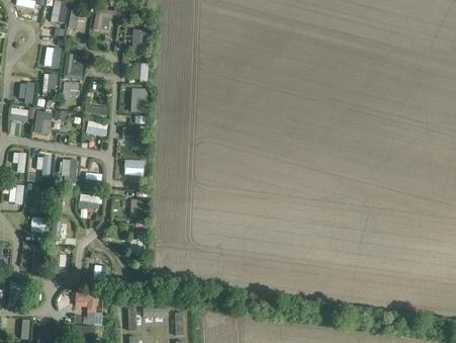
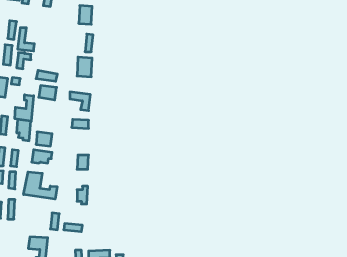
building: none -> [15,95,34,121]
building: none -> [24,172,57,199]

